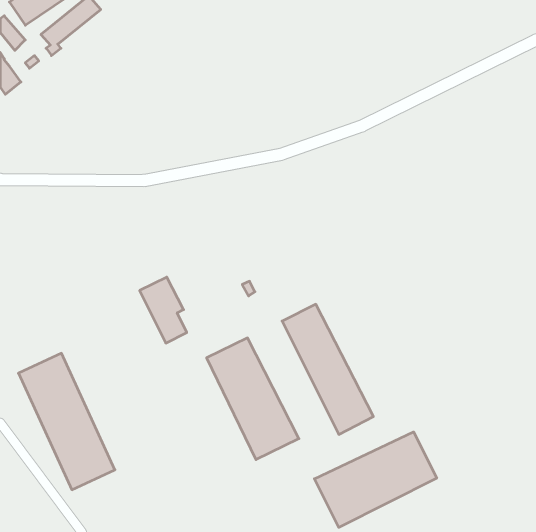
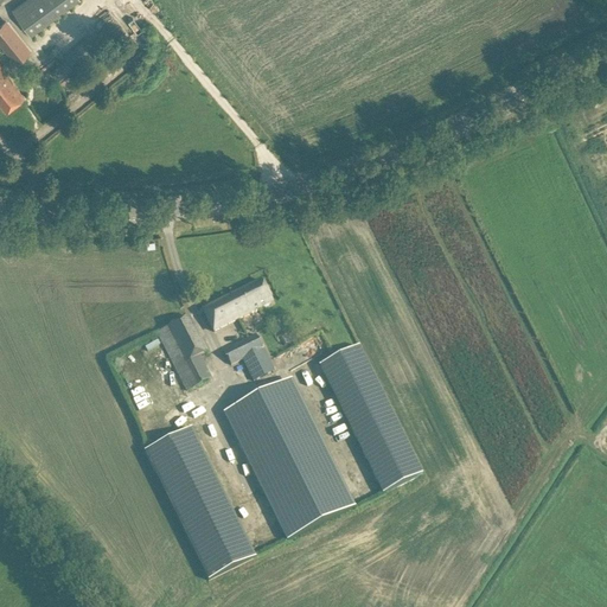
building: none -> [203,277,273,327]
building: none -> [223,331,274,377]
building: [18,353,115,490] -> [145,423,254,577]
building: [314,432,437,527] -> none

